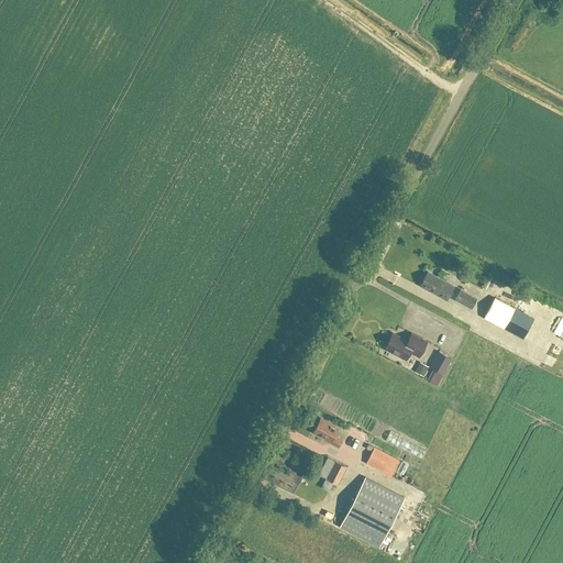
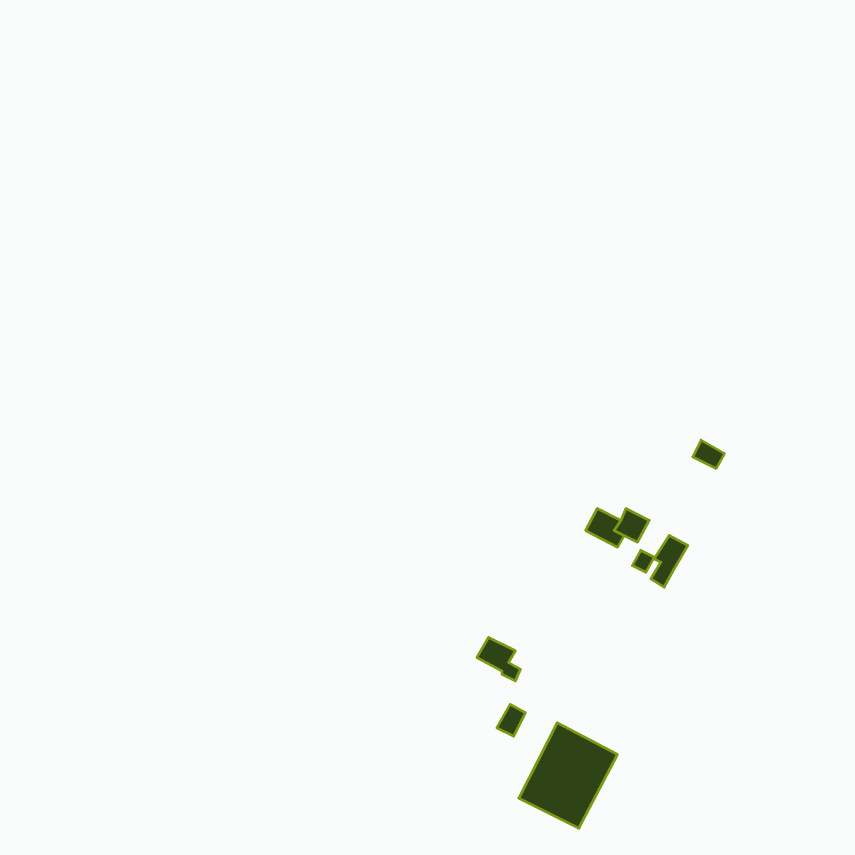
building: [421,272,454,299] -> none
building: [484,298,533,338] -> none
building: [366,448,399,476] -> none

